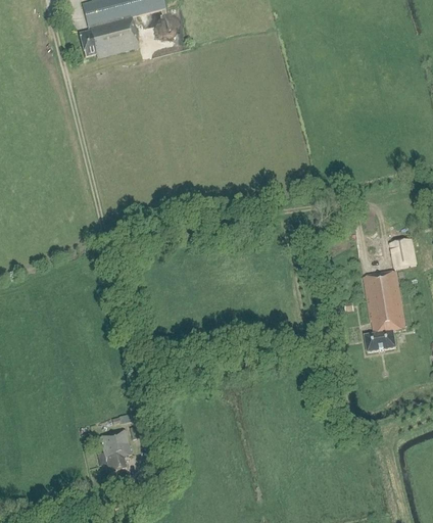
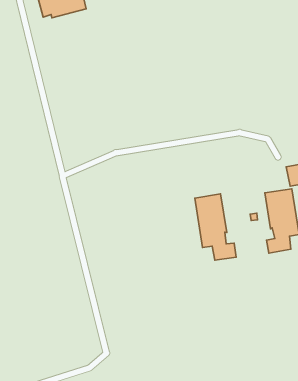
building: none -> [195,194,236,260]
building: [99,429,131,472] -> none

